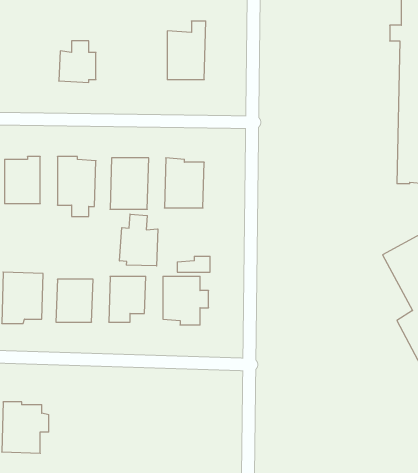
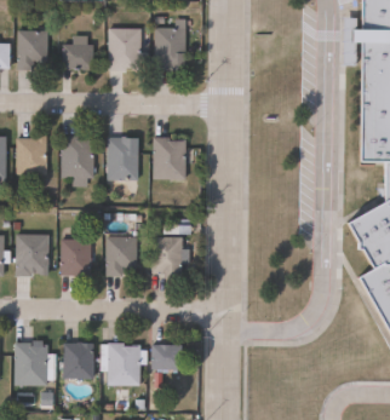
building: none -> [108,27,150,69]
building: none -> [18,31,47,71]
building: [120,214,158,266] -> none
building: none -> [63,341,94,378]
building: none -> [102,341,148,385]
building: none -> [153,344,184,369]

